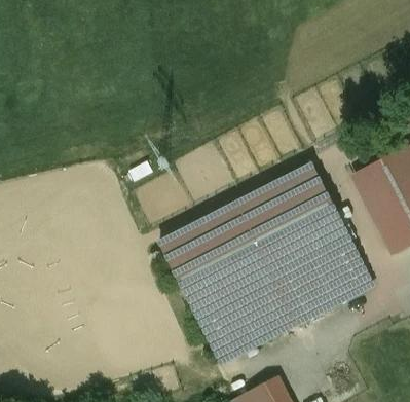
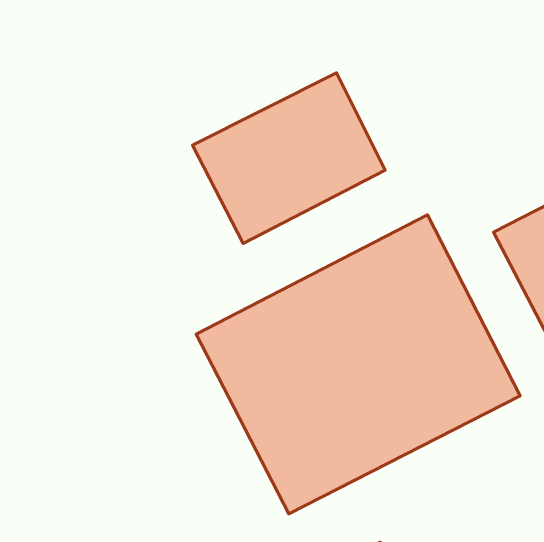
building: none -> [193,73,385,244]

